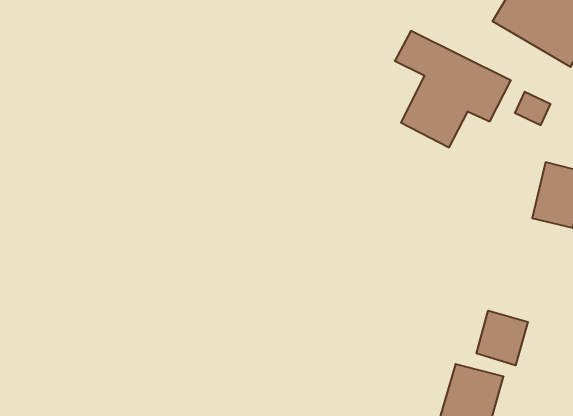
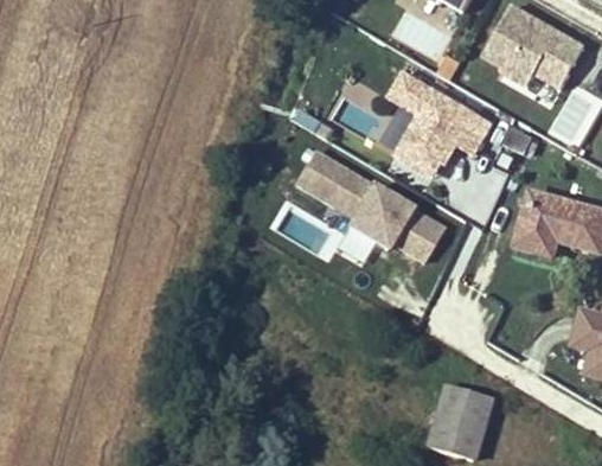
building: none -> [290,148,447,266]
building: [476,311,528,365] -> none

